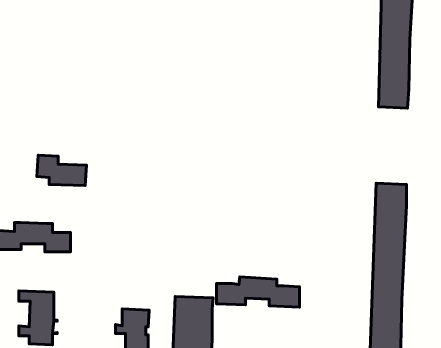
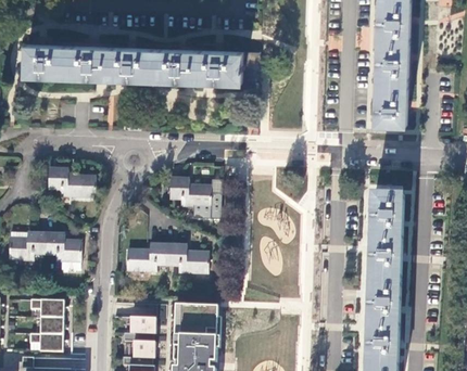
building: none -> [26,43,260,81]
building: none -> [169,178,211,207]
building: [216,277,299,307] -> [126,244,206,273]

